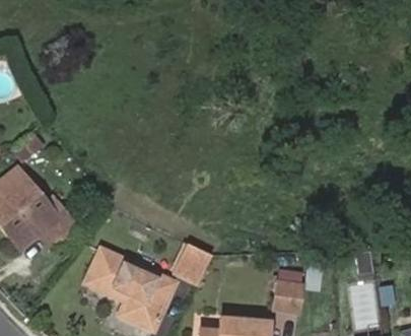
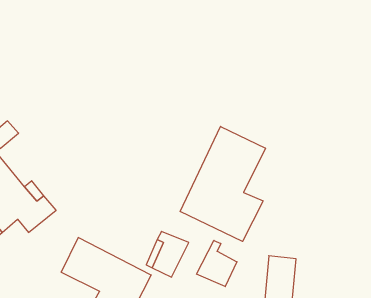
building: none -> [180,126,265,241]
building: none -> [197,240,237,287]

